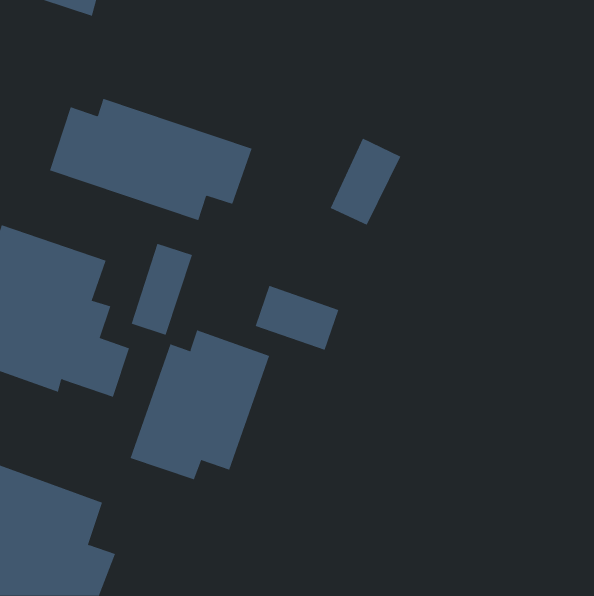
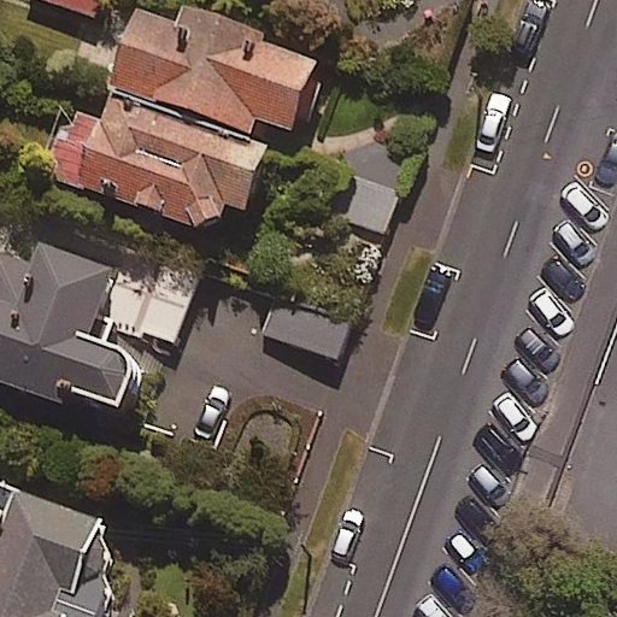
building: none -> [107,7,312,135]
building: [130,330,270,480] -> none

